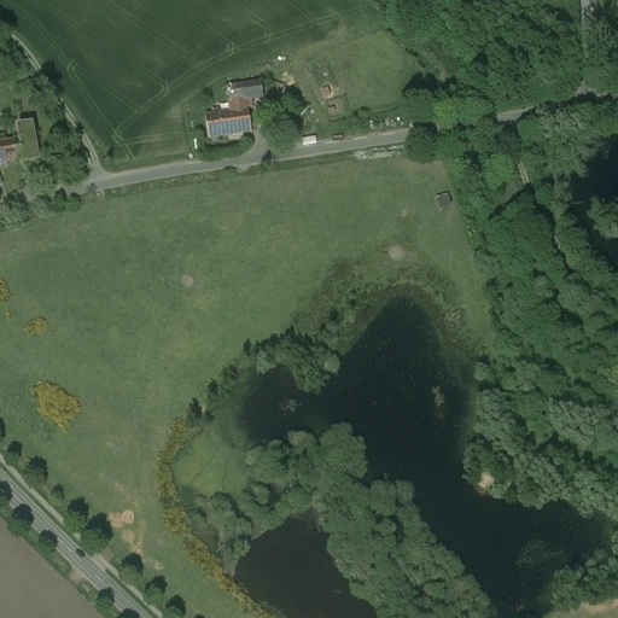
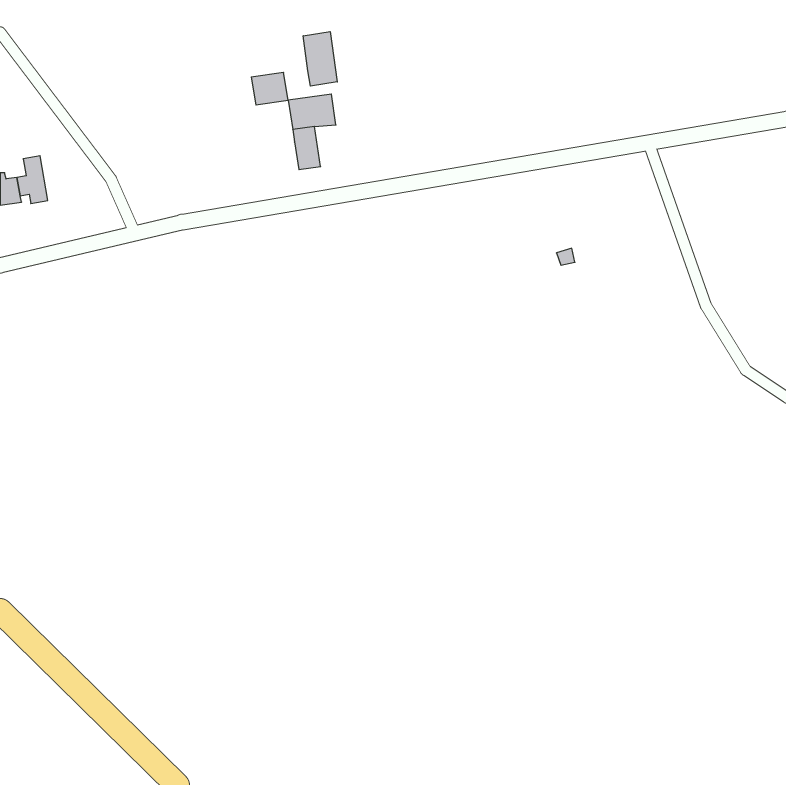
building: none -> [303,32,337,86]
building: [206,111,235,136] -> [251,72,288,105]

